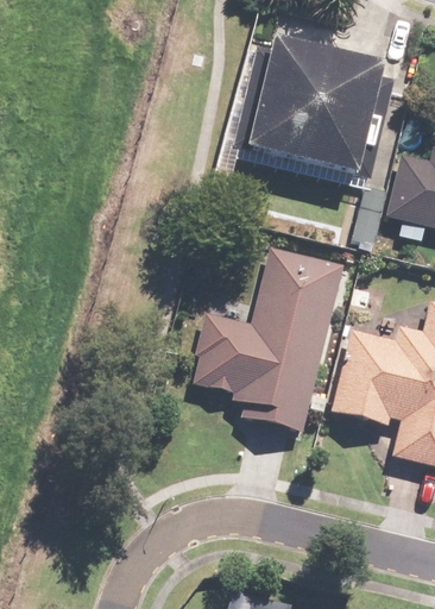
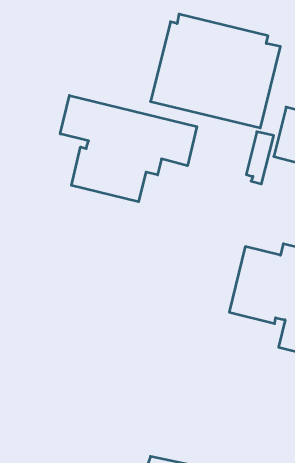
building: none -> [60,95,197,202]
building: [193,245,343,431] -> none

